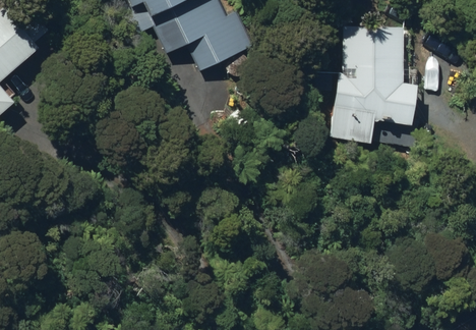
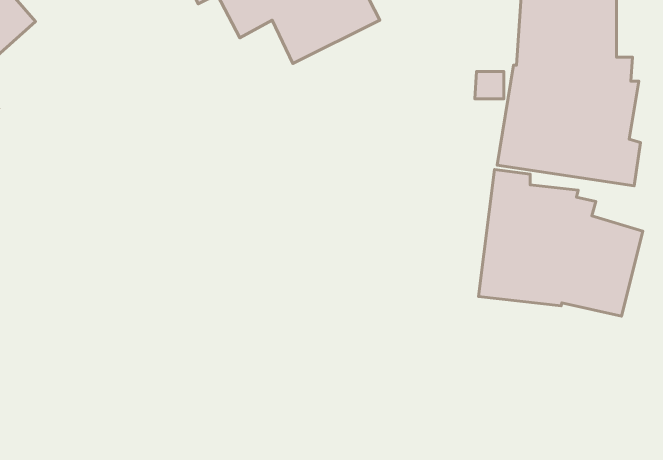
building: none -> [478,170,643,316]

